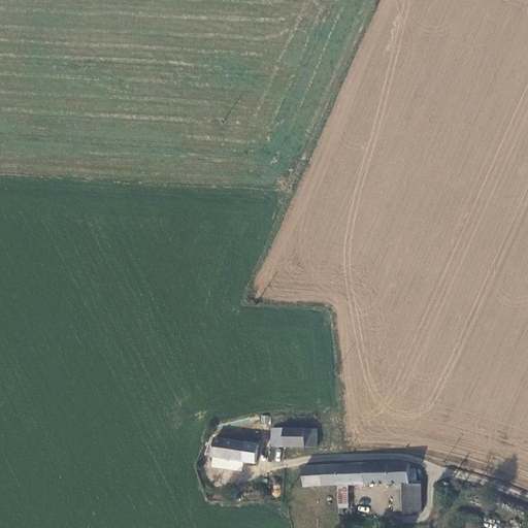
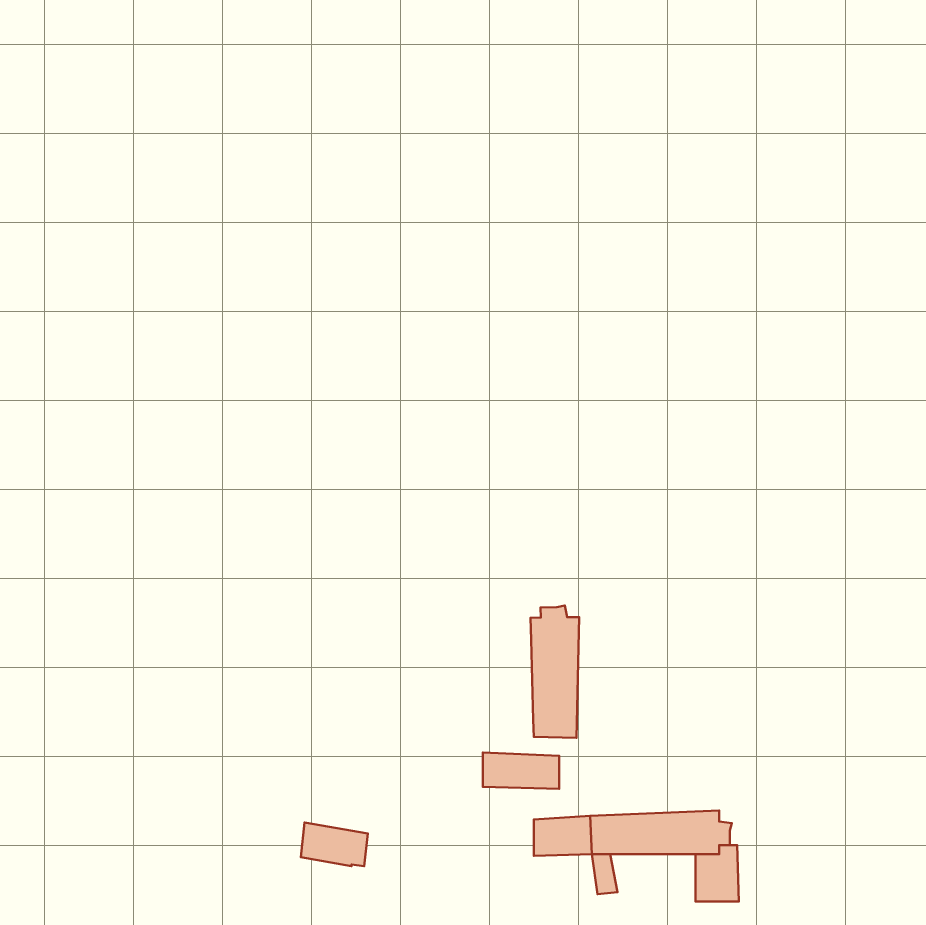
building: none -> [531,605,579,738]
building: [212,435,251,460] -> [301,823,368,866]

